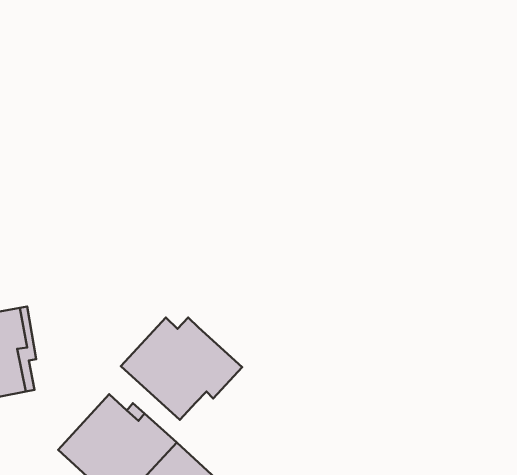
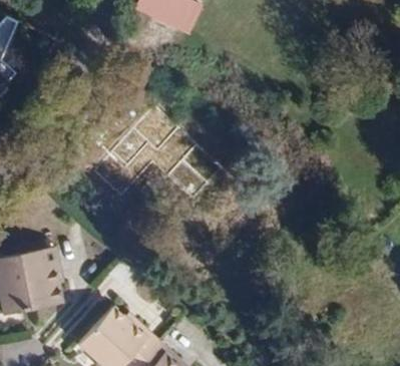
building: [121,317,242,420] -> none

